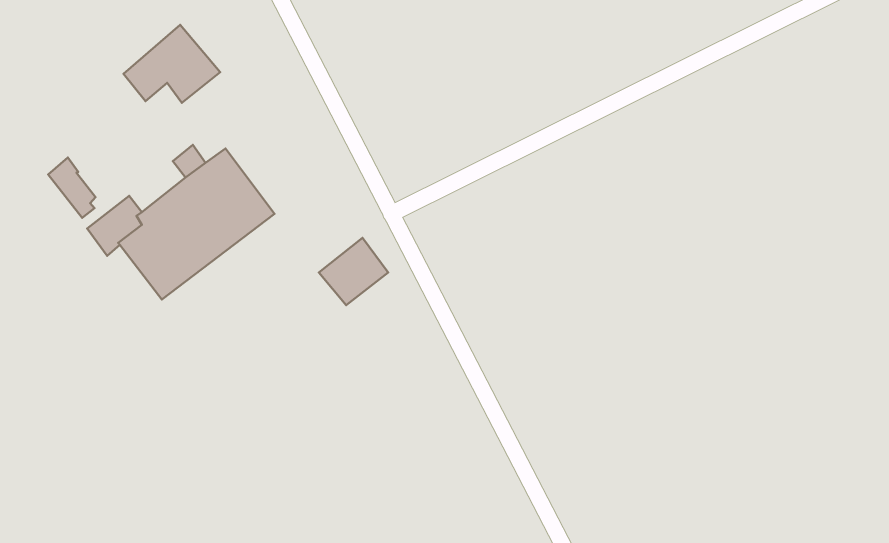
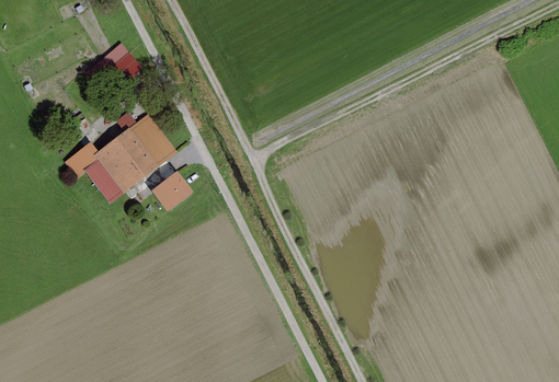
building: [48,158,96,218] -> none
building: [319,238,388,305] -> [151,172,193,212]

